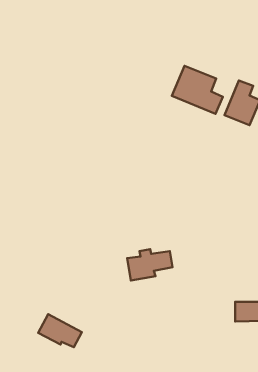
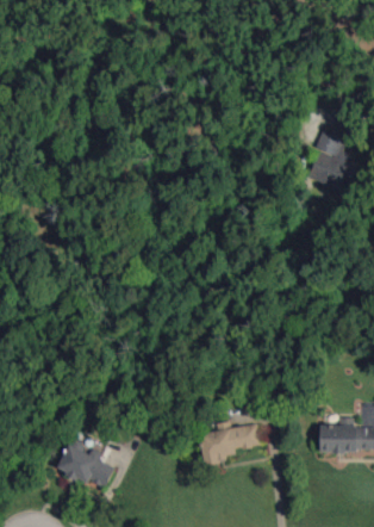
building: [172,66,223,114] -> none
building: [127,249,173,281] -> [200,421,261,463]

